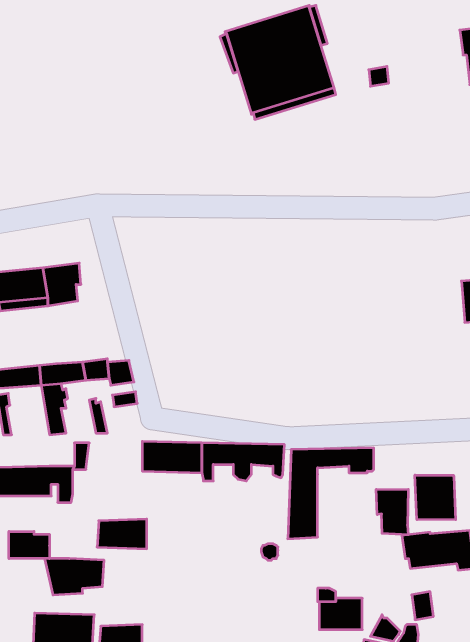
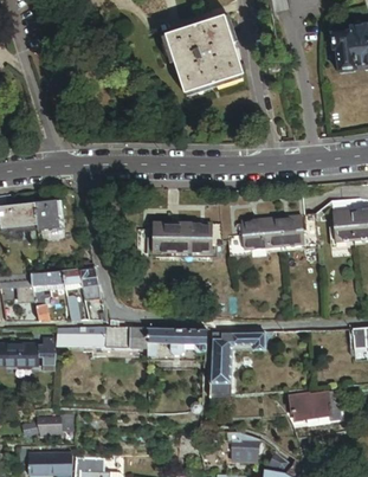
building: none -> [241,214,304,249]
building: none -> [151,221,212,251]
building: [415,475,456,520] -> none
building: [376,489,408,535] -> none
building: [97,519,147,549] -> [69,325,104,347]
building: [9,531,49,559] -> none

